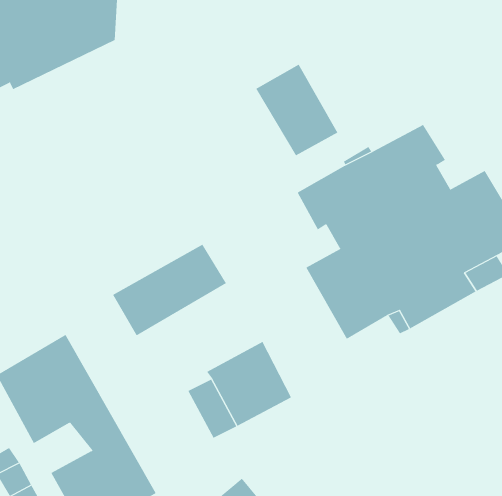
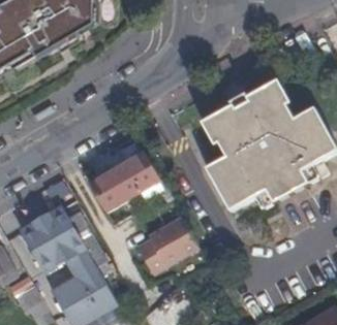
building: [256,64,338,156] -> none

